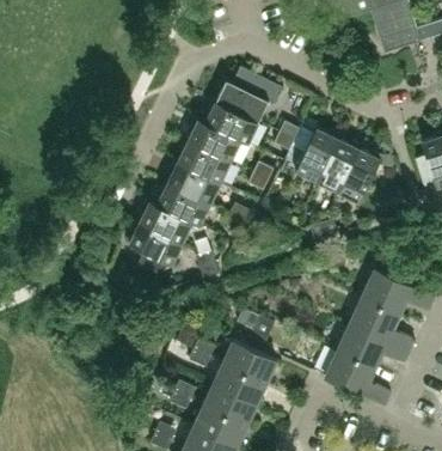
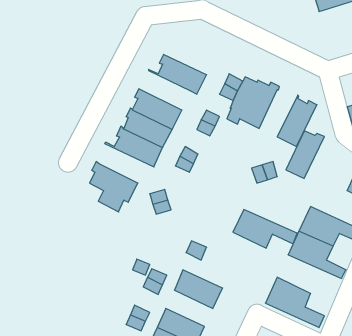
building: [211,67,283,123] -> none
building: [184,118,241,163] -> none
building: [318,140,361,193] -> [286,131,324,178]
building: [140,200,201,244] -> none
building: [338,324,410,367] -> [233,210,297,248]
building: [214,364,266,404] -> none

